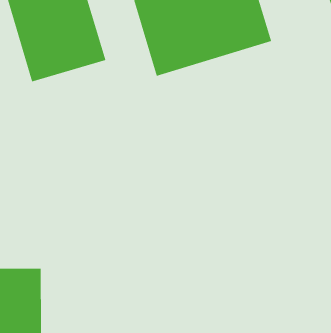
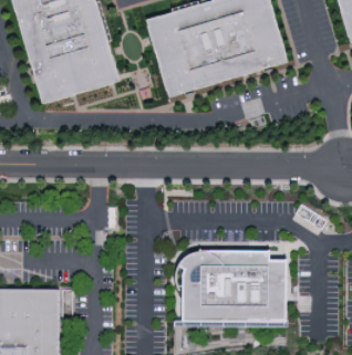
building: none -> [178,253,290,324]

